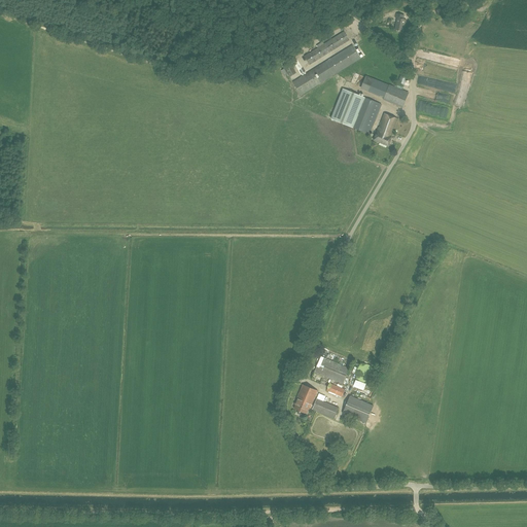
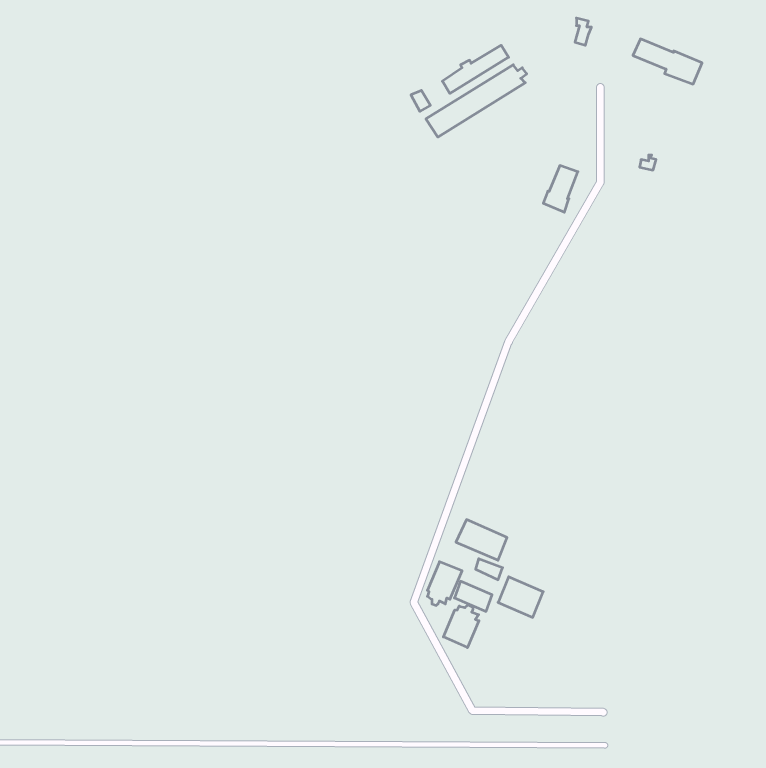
building: [359,75,407,106] -> [633,39,702,84]
building: [333,90,380,134] -> none
building: none -> [443,605,479,648]

